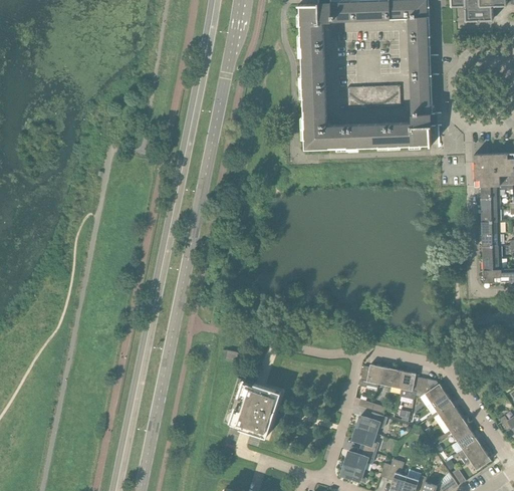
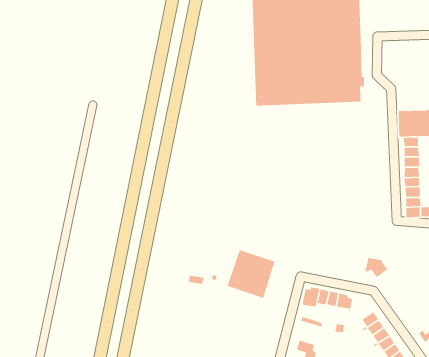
building: [222,379,280,438] -> [227,249,275,299]
building: [417,379,445,404] -> [365,257,388,278]
building: [356,414,387,434] -> none

